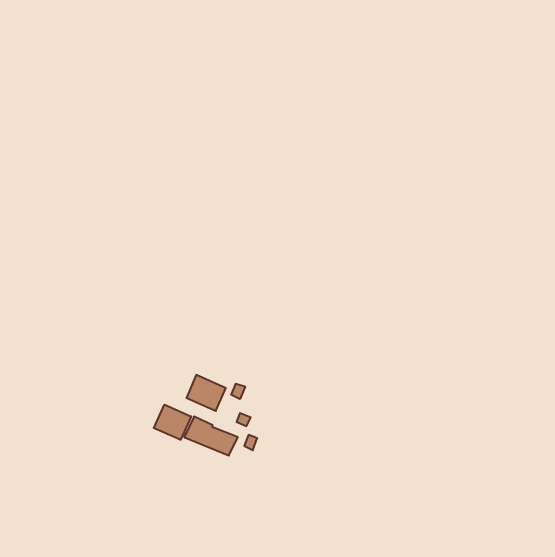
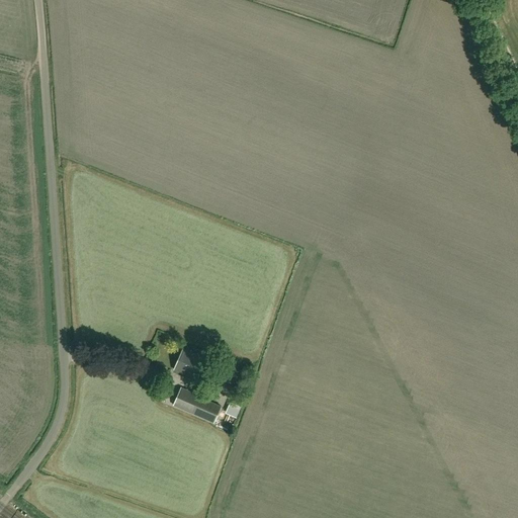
building: [154,405,191,440] -> none

